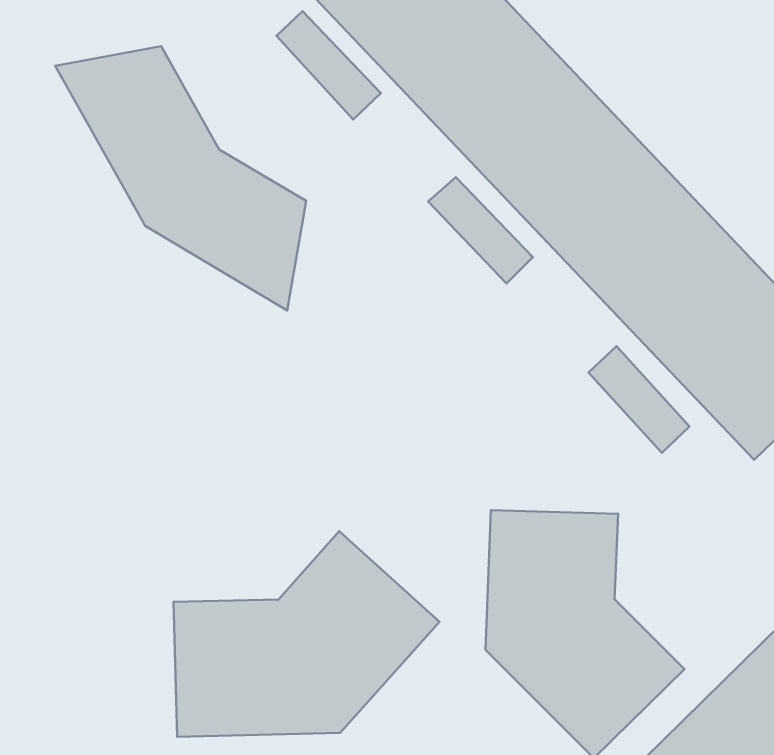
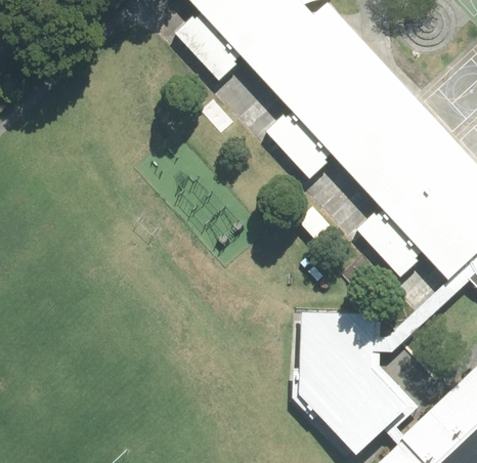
building: [55,46,306,311] -> none
building: [173,531,439,737] -> none

